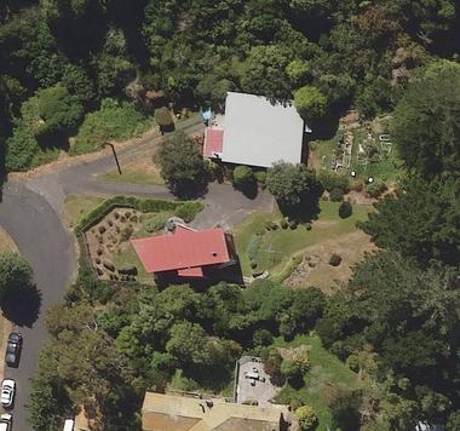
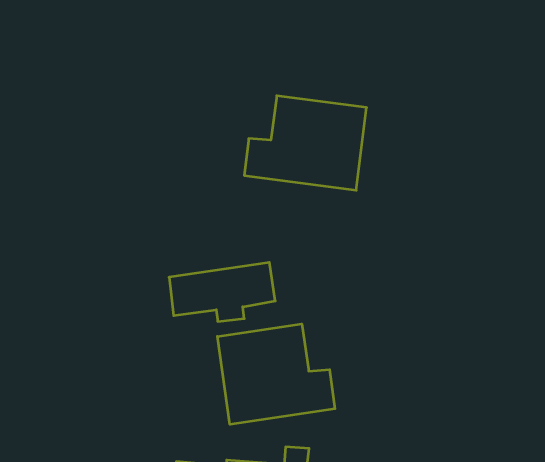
building: none -> [217,324,335,424]

